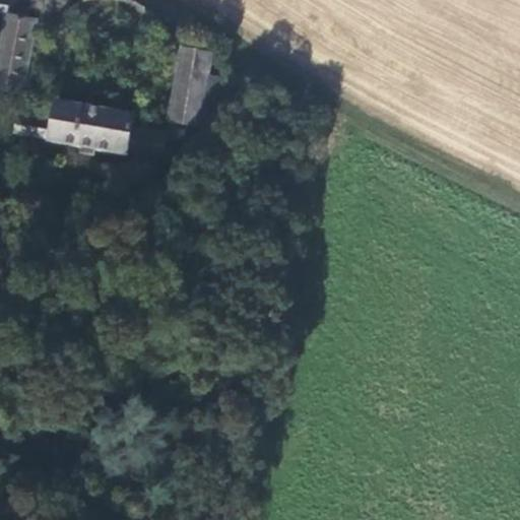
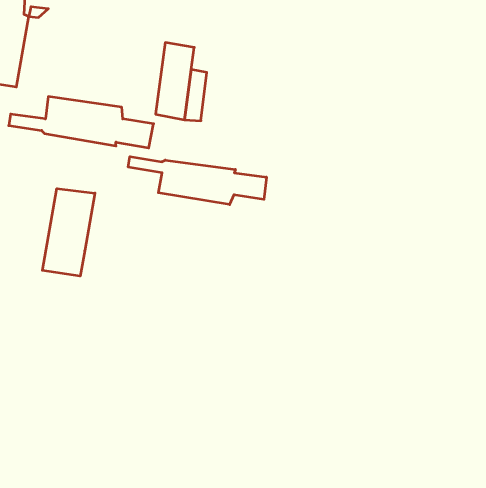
building: none -> [128,157,266,205]
building: none -> [42,189,95,276]

